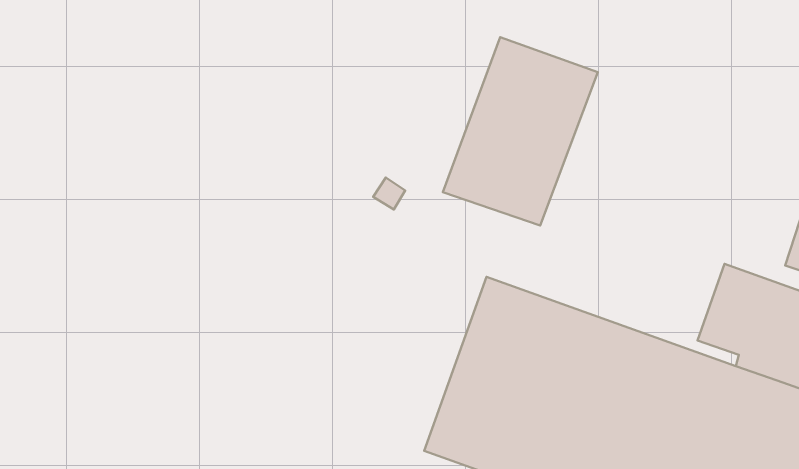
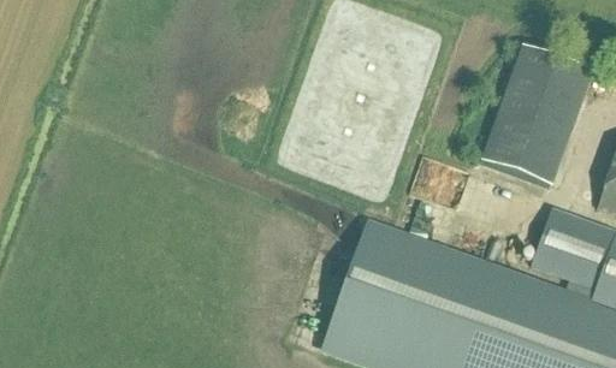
building: [443,37,598,226] -> [476,44,593,186]

